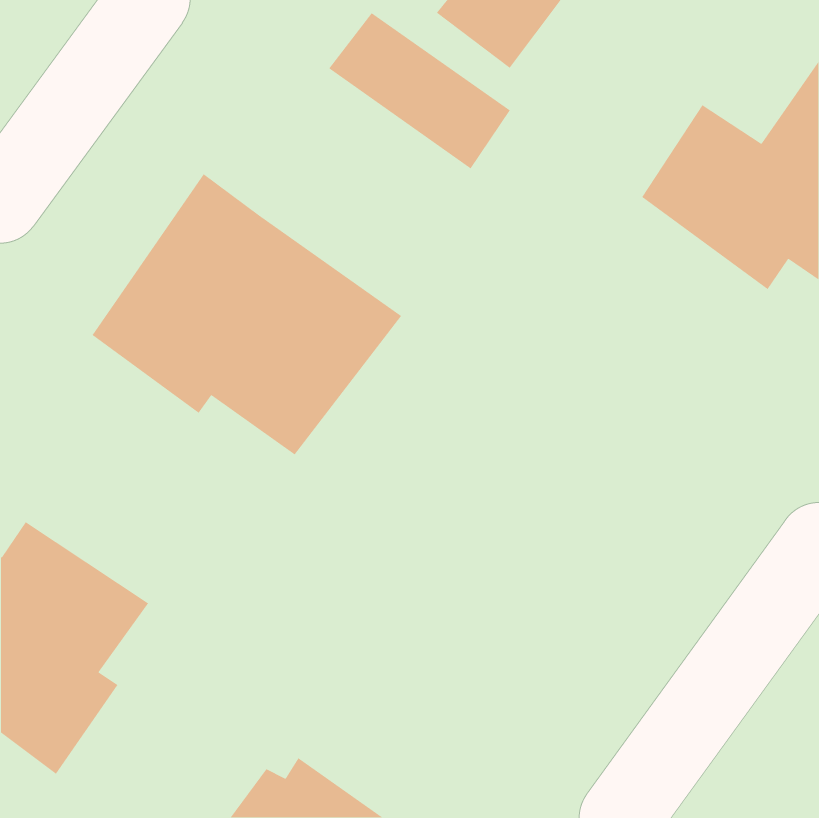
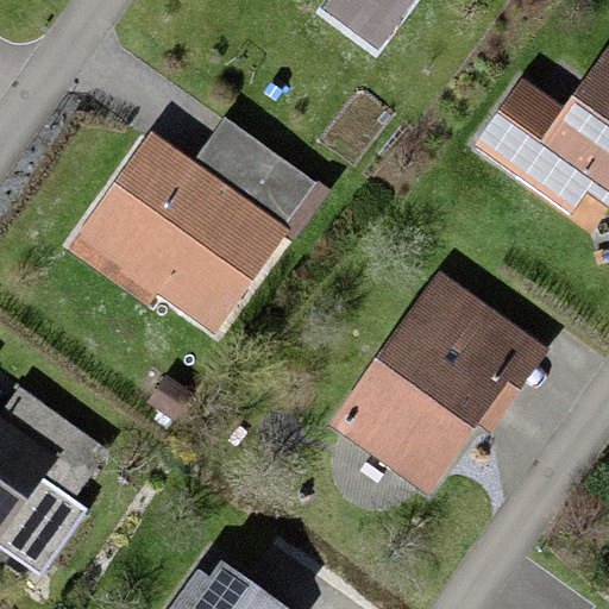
building: [328,12,511,169] -> [193,118,328,234]
building: none -> [332,268,550,494]

